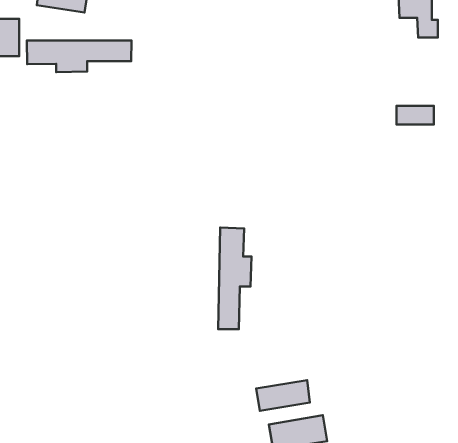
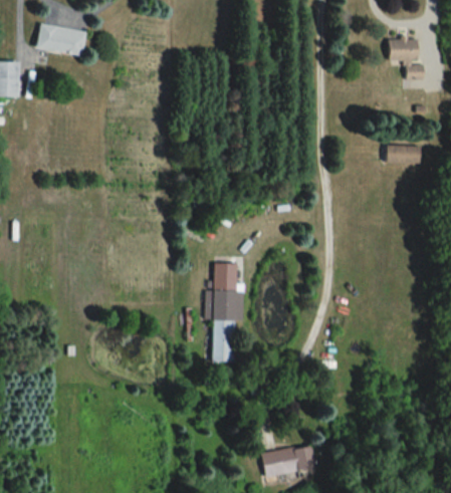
building: [27,40,132,72] -> none
building: [256,380,310,411] -> none

